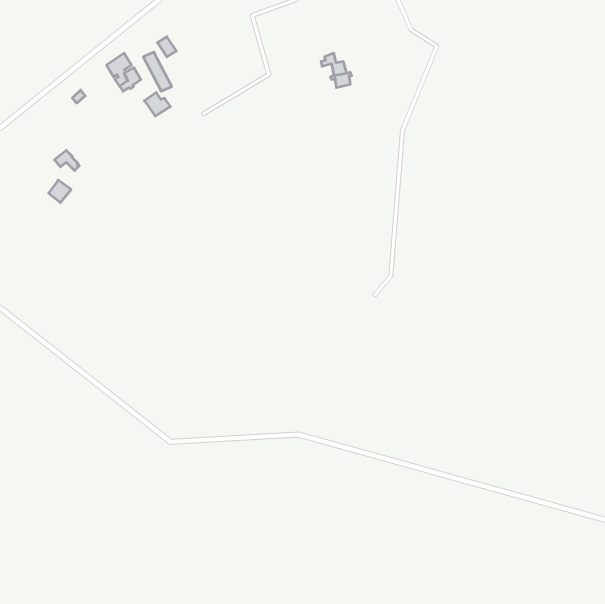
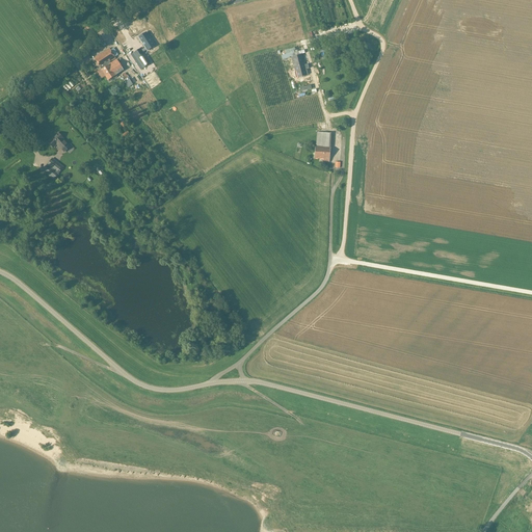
building: none -> [314,131,330,161]

